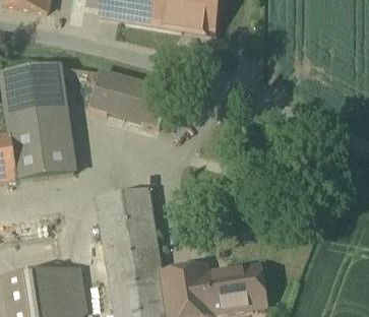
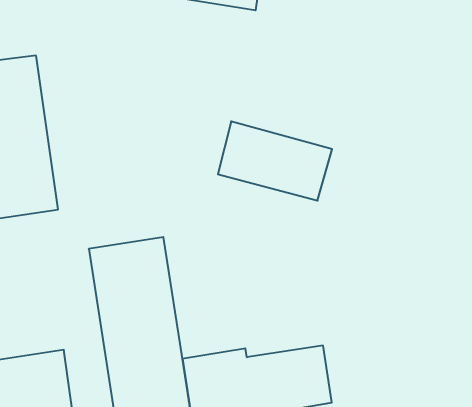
building: [89,70,169,125] -> [218,121,332,201]

